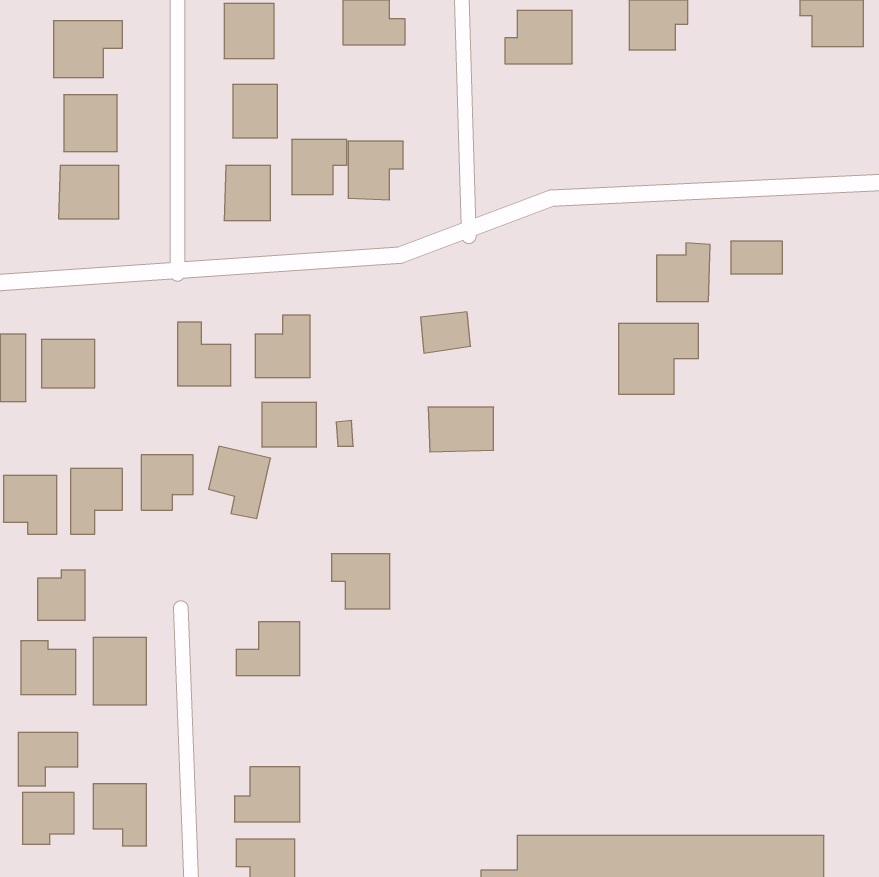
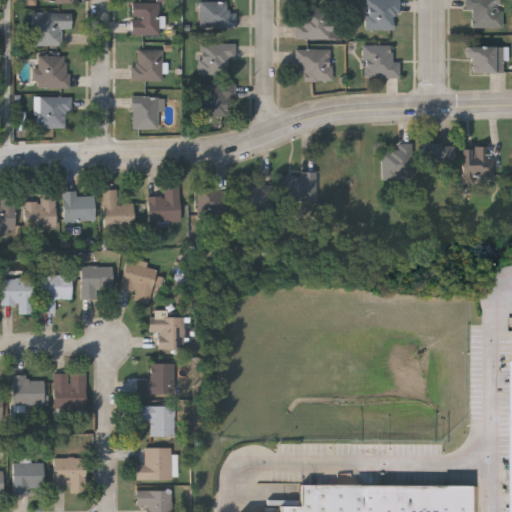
building: none -> [363,47,398,78]
building: none -> [467,47,503,74]
building: none -> [295,50,332,82]
building: [292,139,347,195] -> [202,44,234,76]
building: none -> [463,146,495,173]
building: [619,323,698,394] -> none
building: none -> [64,190,96,220]
building: none -> [201,191,230,214]
building: [262,402,316,447] -> none
building: [428,407,494,452] -> [279,173,317,199]
building: [331,554,390,609] -> [151,316,185,348]
building: [38,570,85,621] -> none
building: none -> [138,405,175,435]
building: [18,732,77,786] -> none

